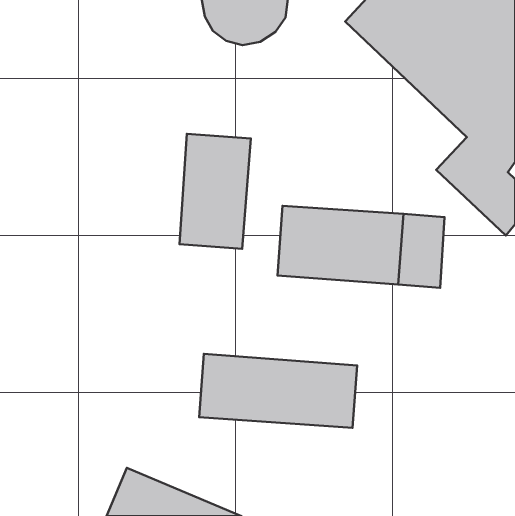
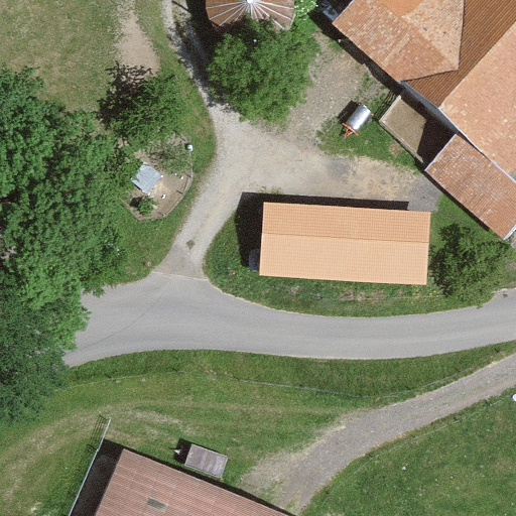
building: [179,134,251,249] -> none
building: [199,354,357,428] -> none

